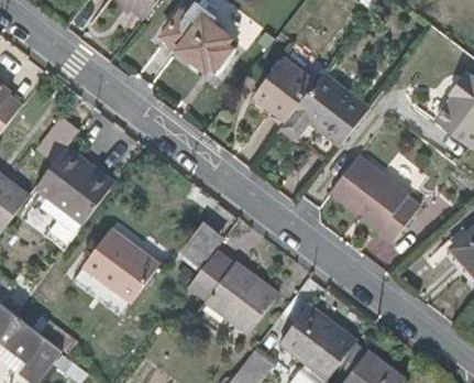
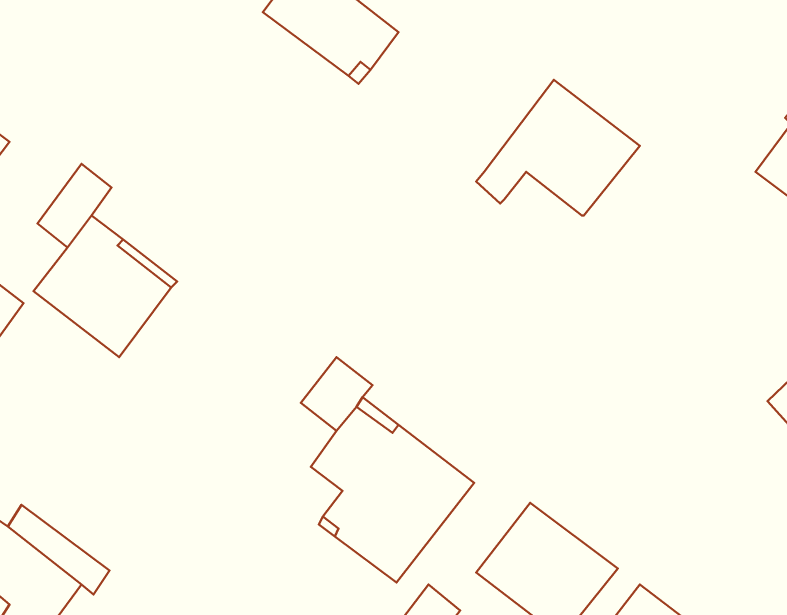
building: [253,56,315,121] -> none
building: [329,156,419,245] -> none
building: [81,229,158,305] -> none

